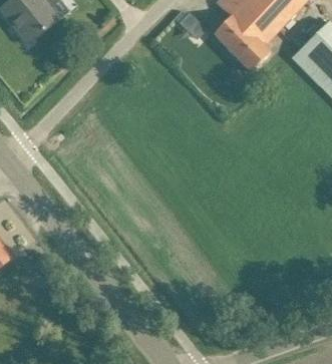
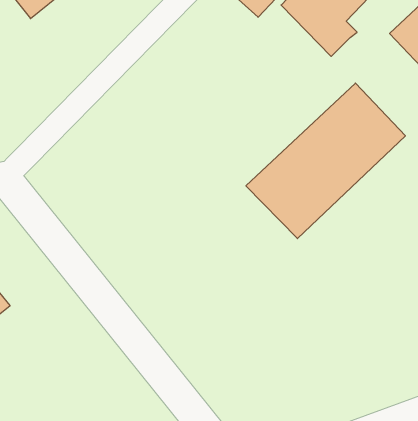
building: none -> [246,83,405,239]

